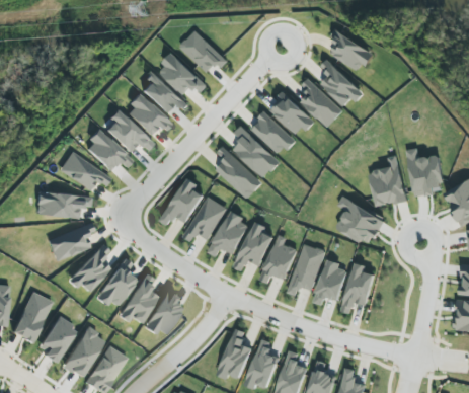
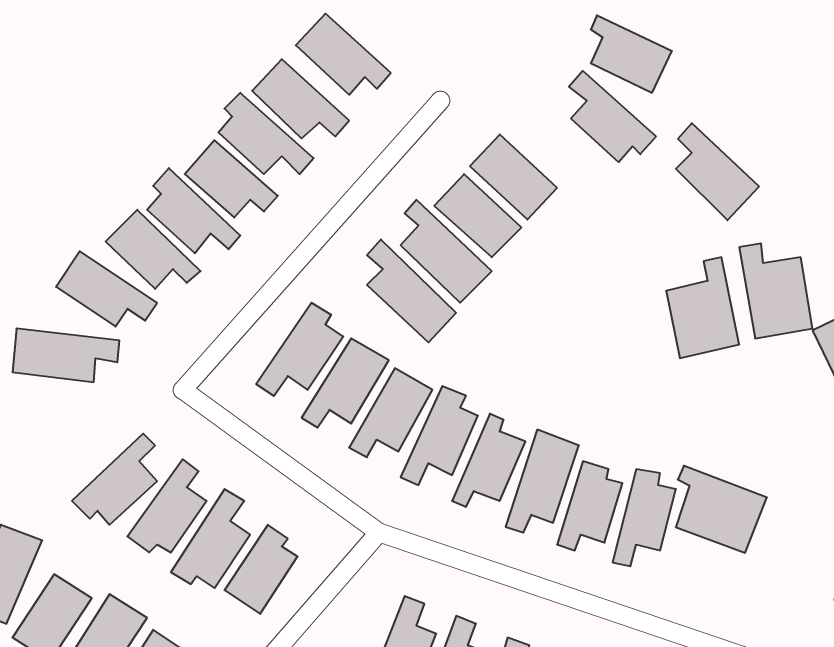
building: [300,78,342,128] -> [676,123,759,220]
building: [336,200,383,244] -> [676,466,767,553]
building: [46,222,92,261] -> none

